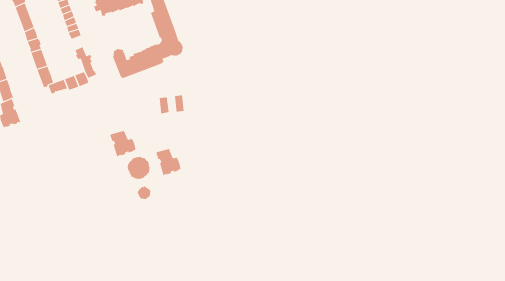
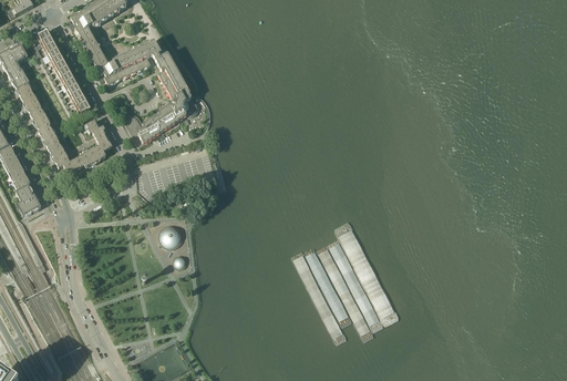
building: [110,130,136,157] -> none
building: [156,148,181,176] -> none

